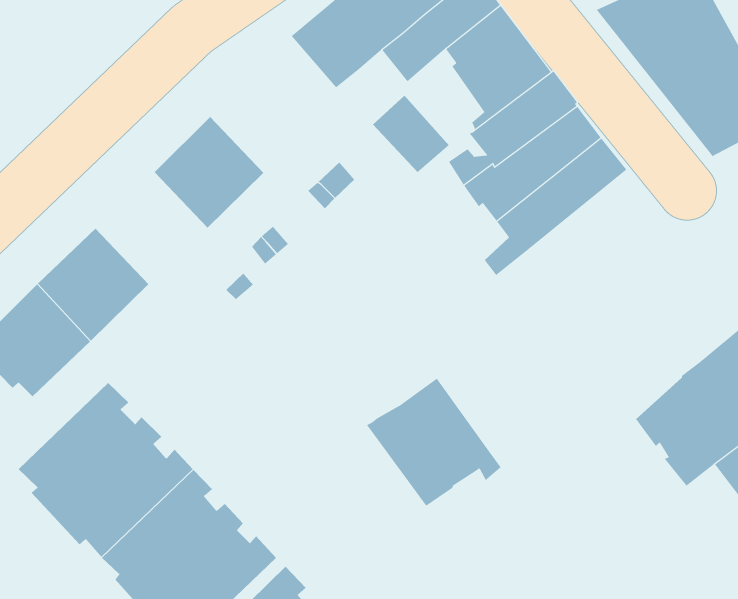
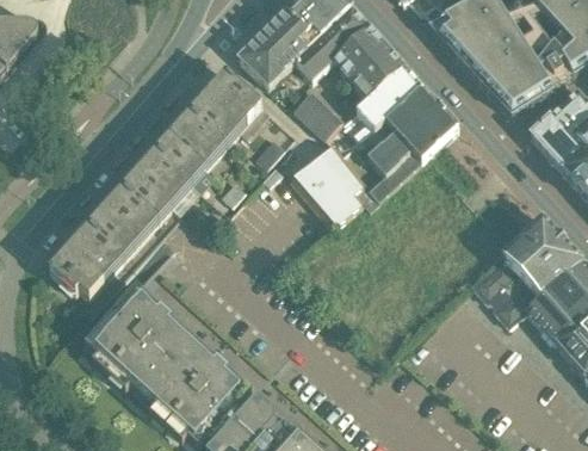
building: none -> [190,67,264,141]
building: none -> [122,146,193,217]
building: [366,378,502,506] -> [291,142,379,224]

